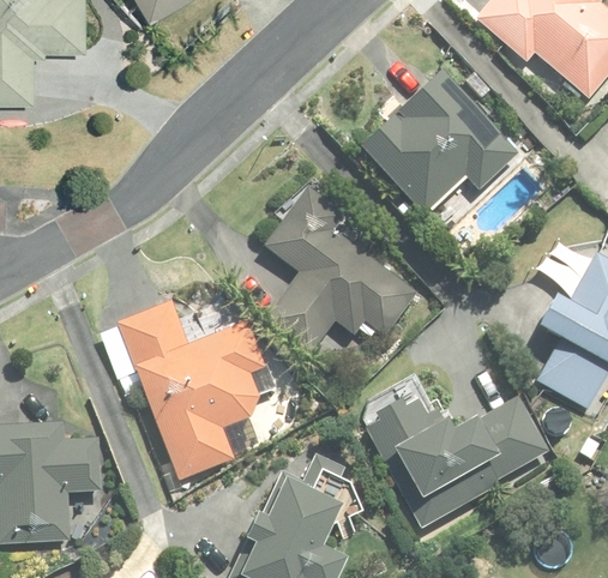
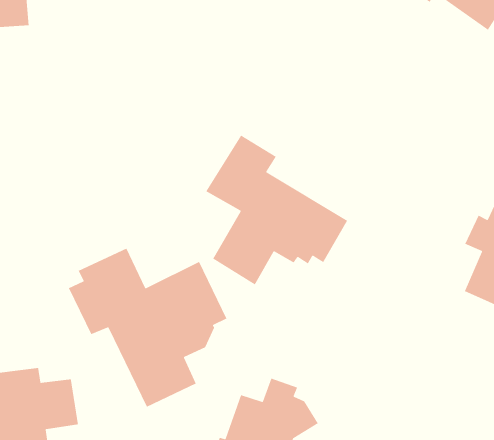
building: [361,72,518,212] -> none
building: [367,395,548,526] -> none

